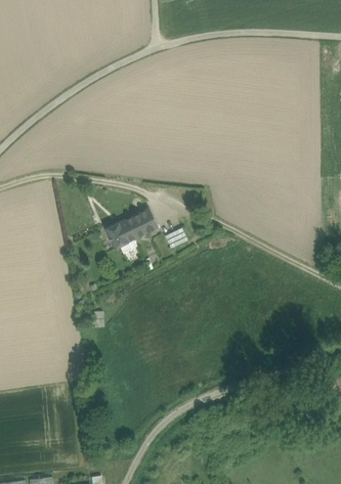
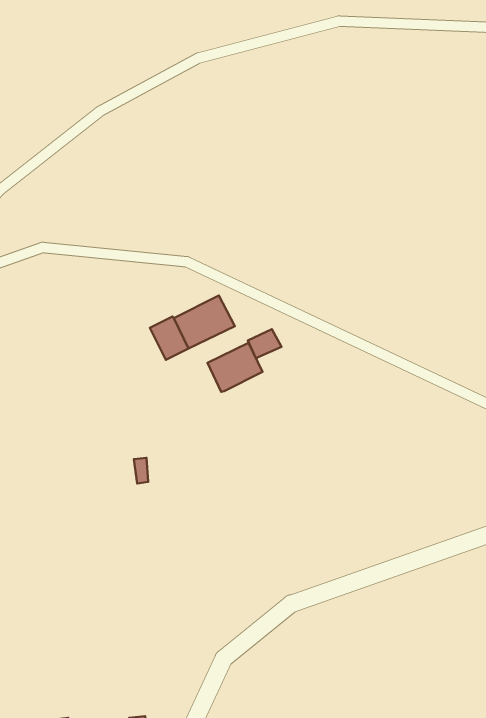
building: none -> [207,343,262,392]

